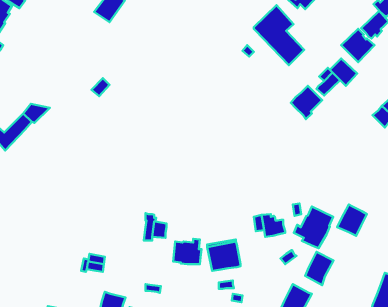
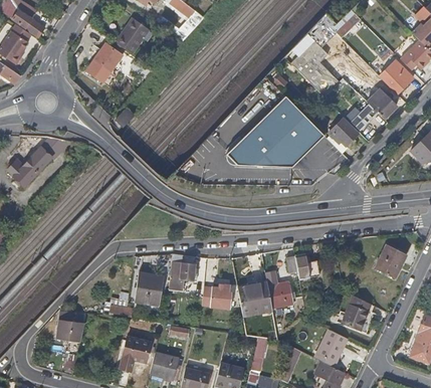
building: none -> [86,43,122,81]
building: none -> [225,95,324,167]
building: [294,207,333,248] -> none
building: none -> [136,275,163,304]
building: none -> [268,282,292,308]
building: none -> [56,312,85,342]

